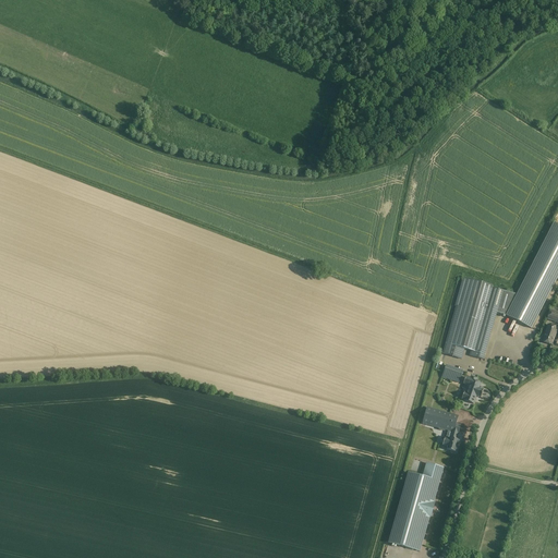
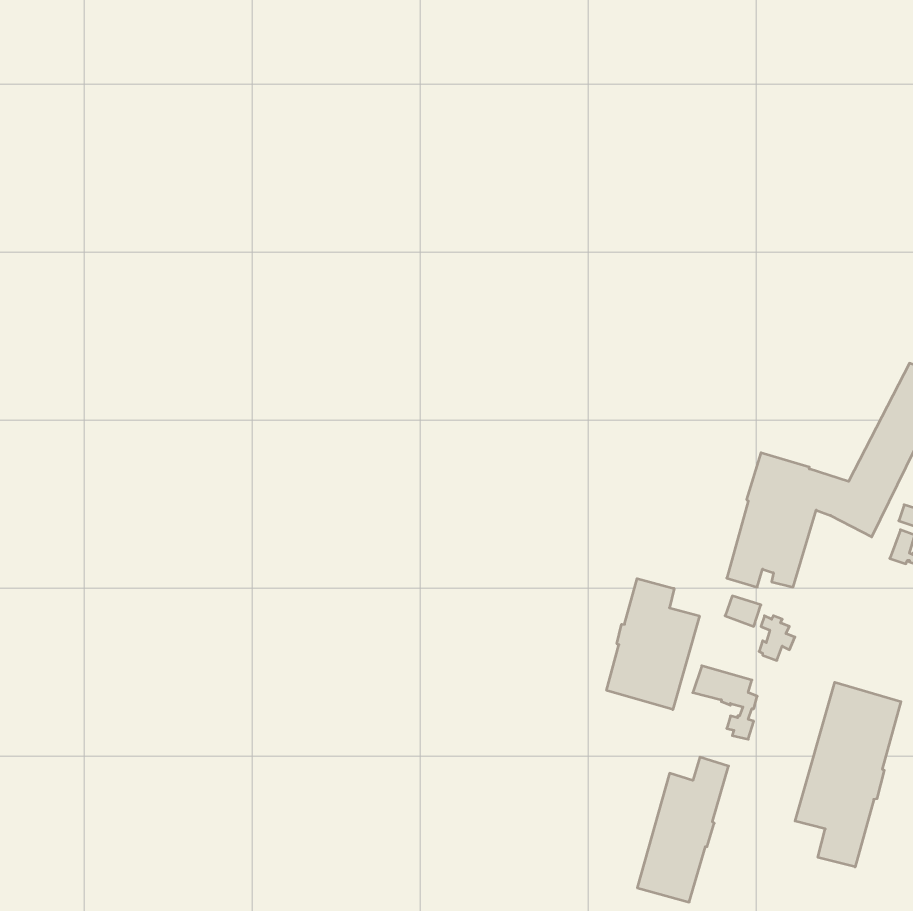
building: none -> [607,579,699,710]
building: none -> [795,682,901,867]

